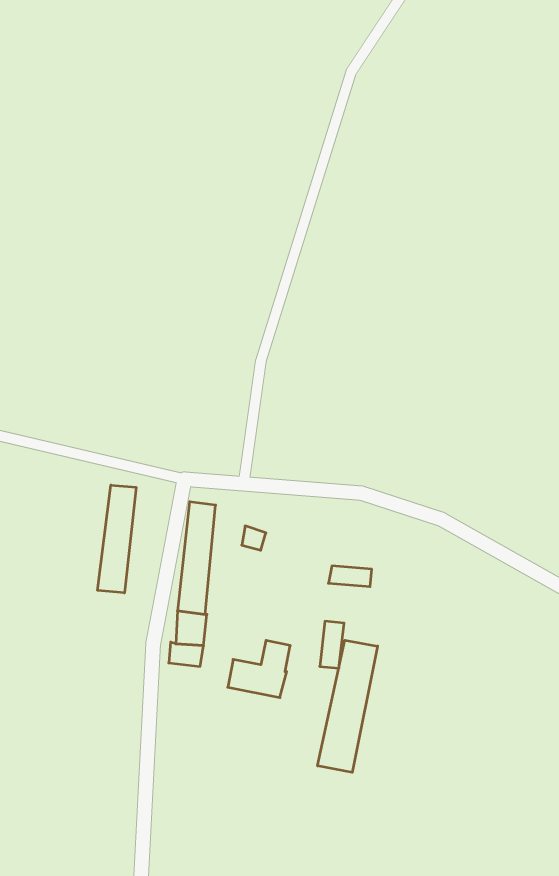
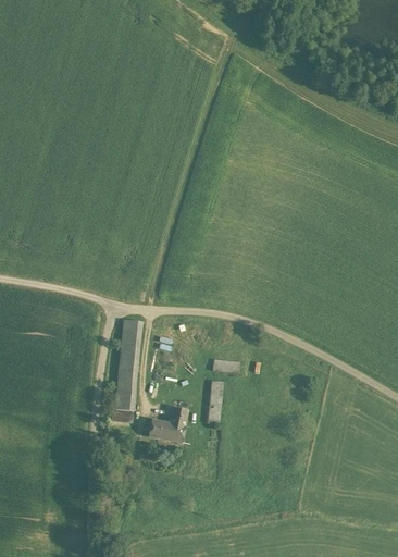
building: [98,485,136,593] -> none
building: [318,640,378,772] -> none

